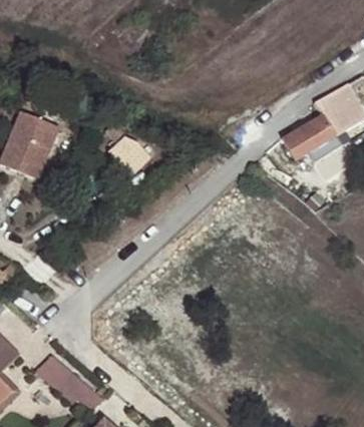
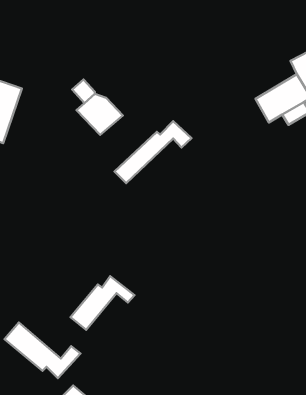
building: none -> [115,121,192,183]
building: none -> [70,276,135,330]

